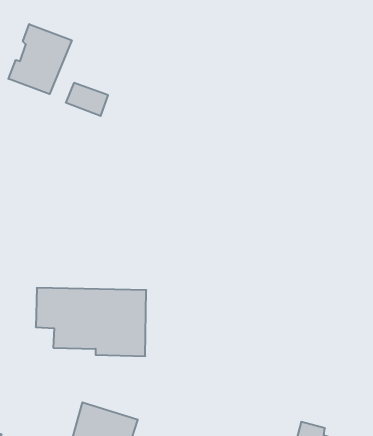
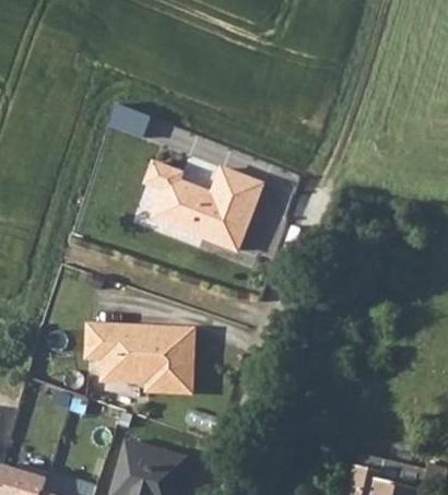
building: [8,24,72,94] -> none
building: none -> [140,158,260,250]

